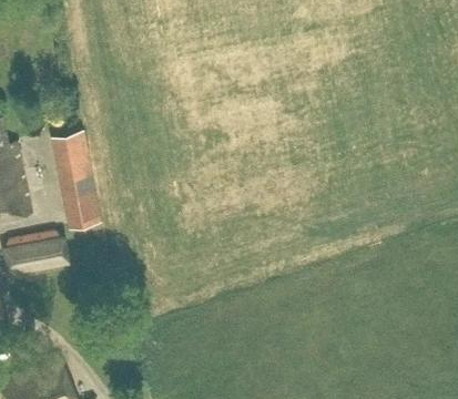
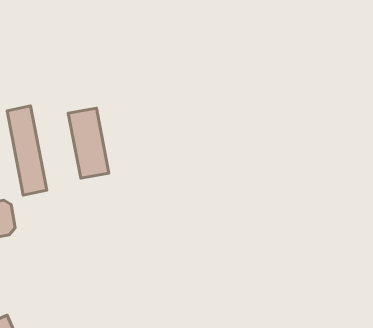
building: none -> [68,108,109,178]

